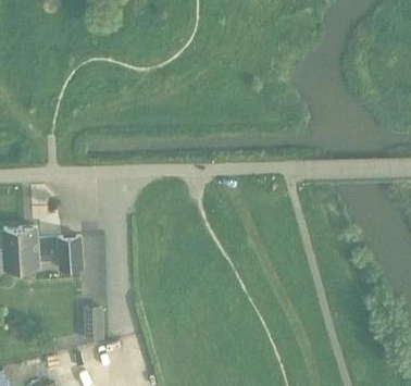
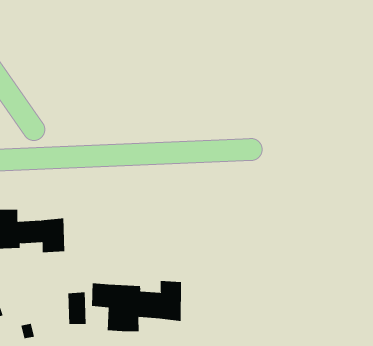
building: none -> [92,280,182,332]

